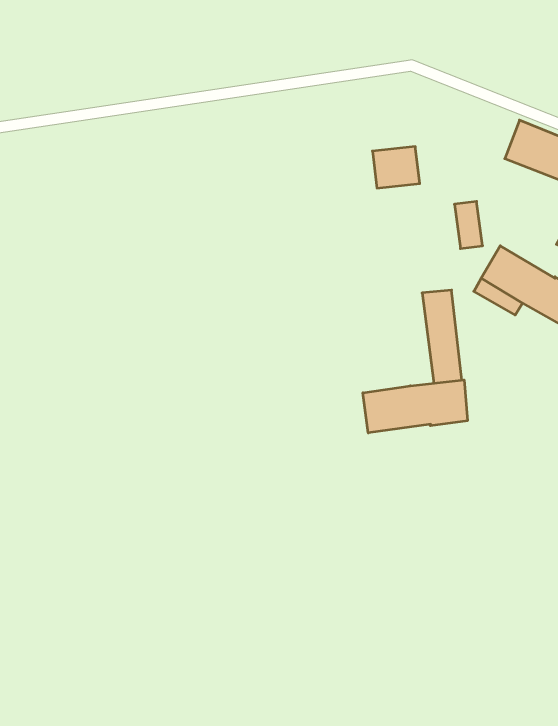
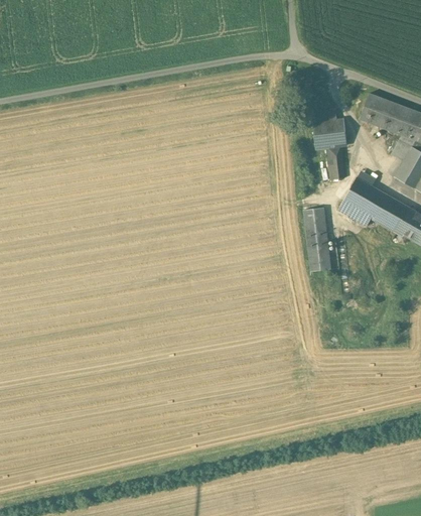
building: [372,147,420,188] -> [313,121,345,149]
building: [363,380,467,433] -> none

